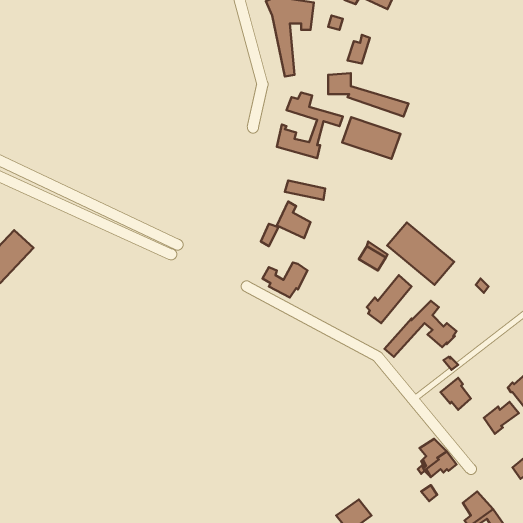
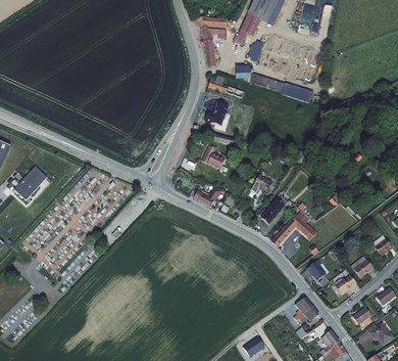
building: [342,117,401,159] -> none
building: [387,223,454,285] -> none

